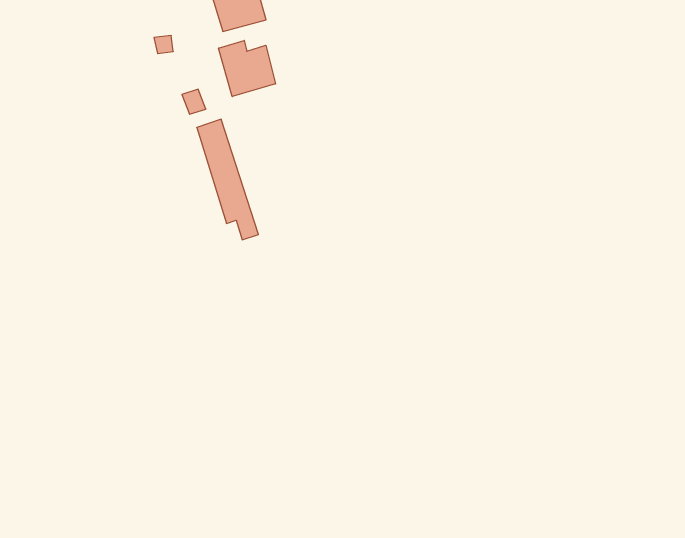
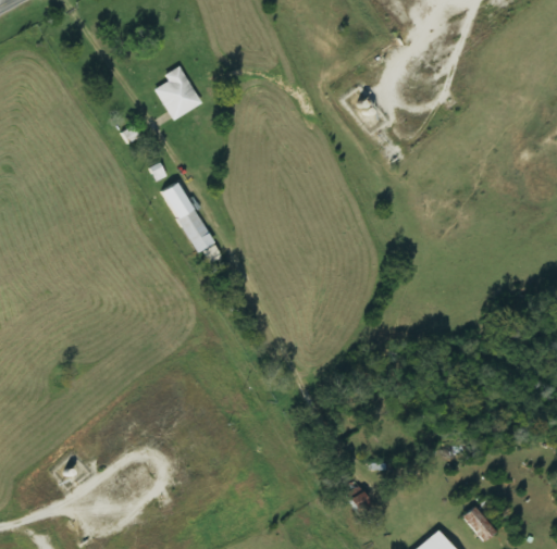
building: [219,40,276,97] -> none

